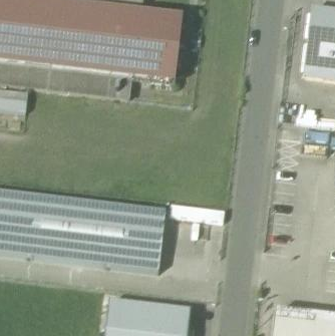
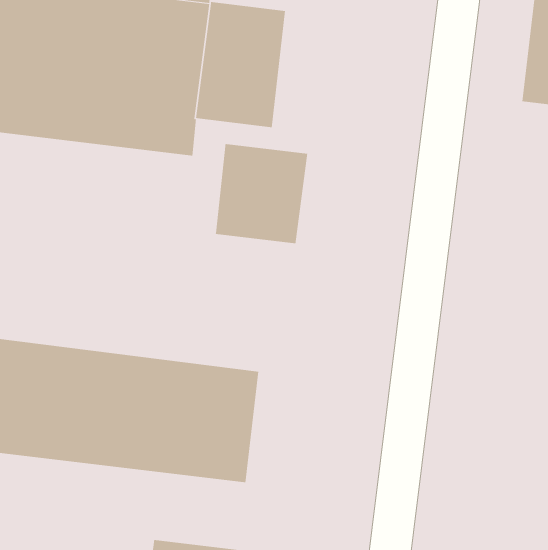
building: none -> [215,143,308,244]

